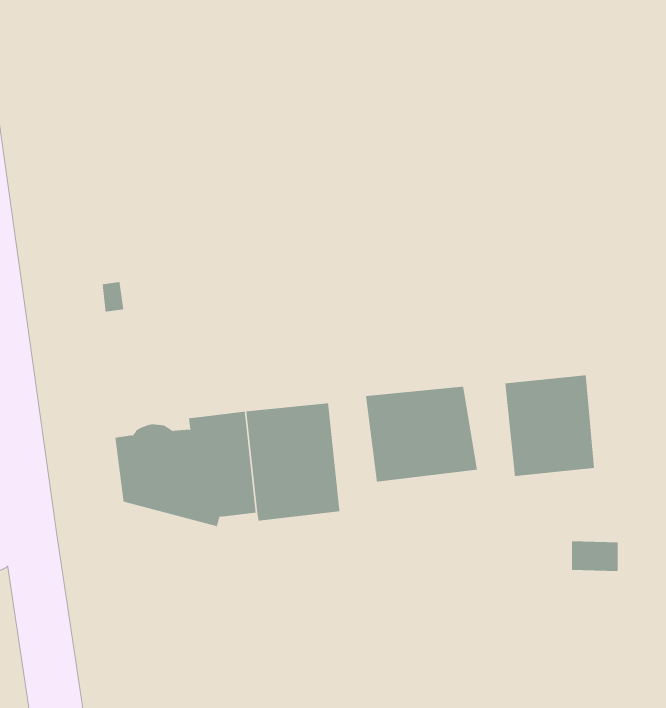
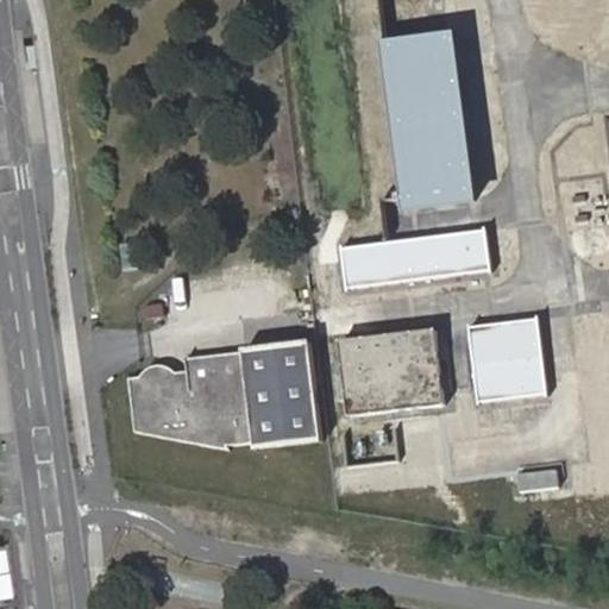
building: none -> [377,31,473,211]
building: none -> [339,228,488,285]

